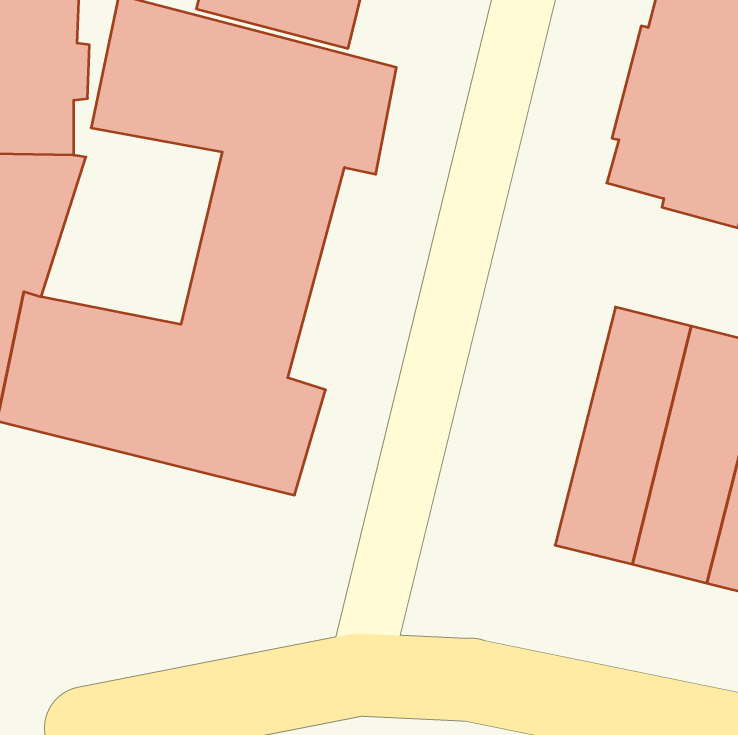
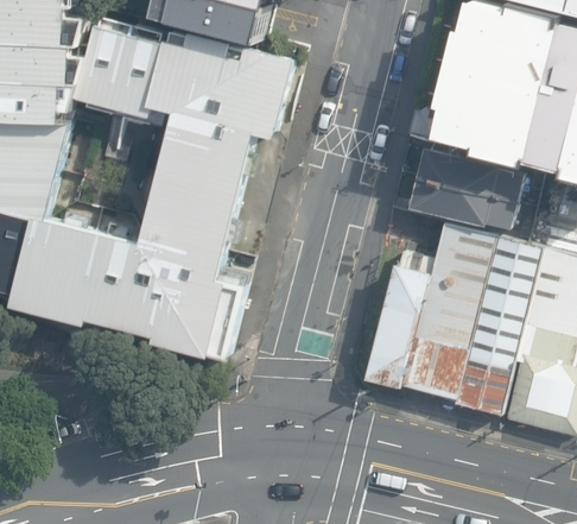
building: none -> [407,151,519,232]
building: none -> [363,254,431,389]

